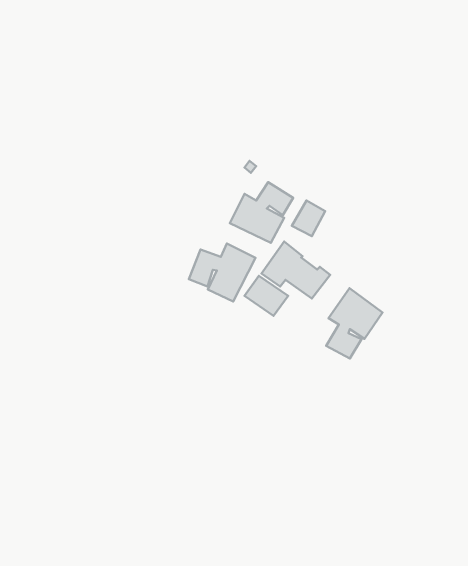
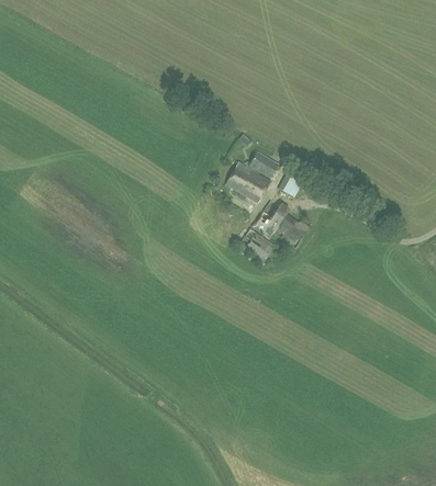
building: [189,243,256,301] -> none
building: [326,288,383,359] -> none

